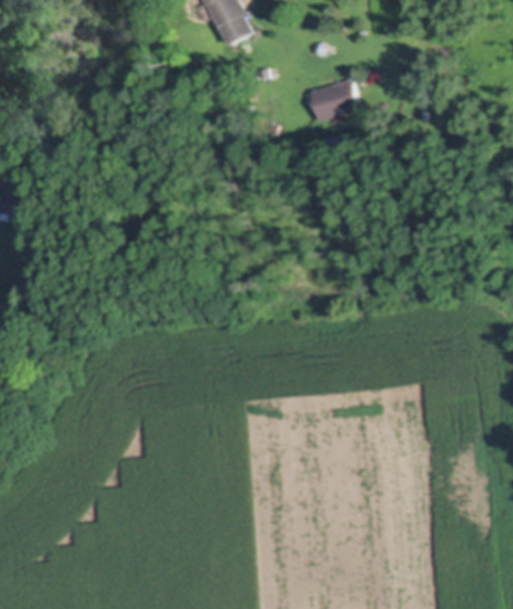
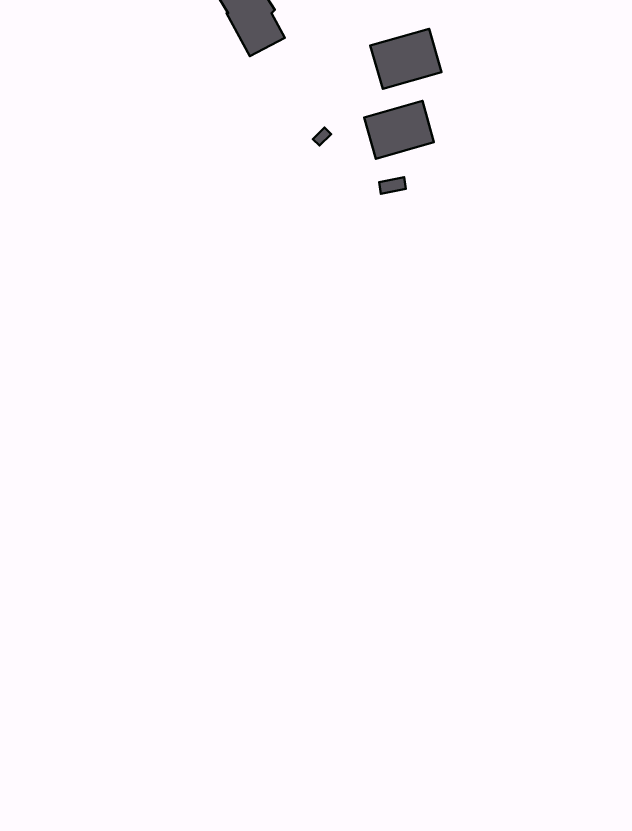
building: none -> [370,29,442,89]

